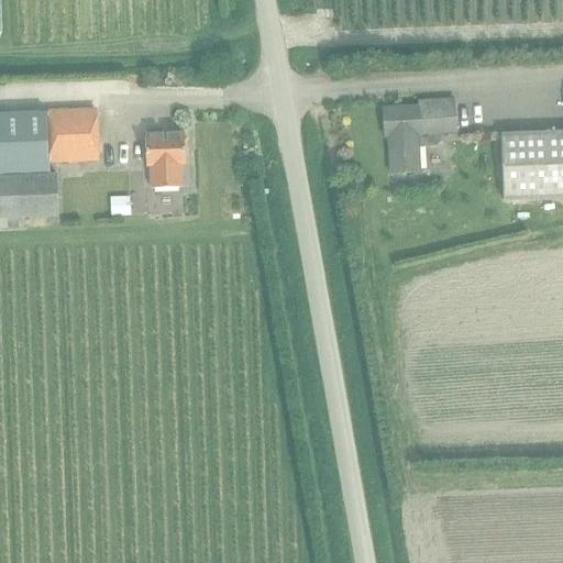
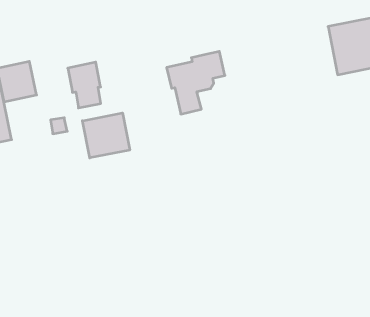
building: [382,96,457,170] -> [167,51,225,114]
building: none -> [82,113,130,158]

